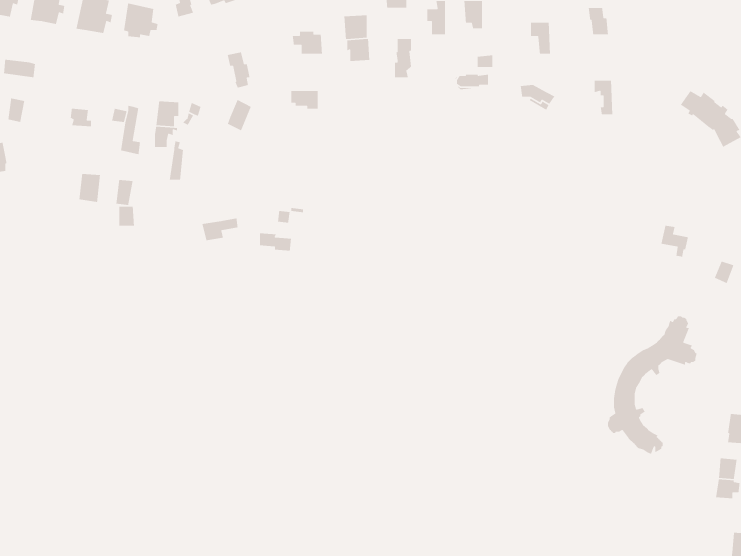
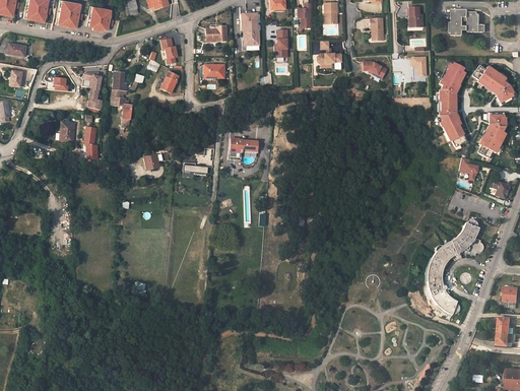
building: none -> [450,9,482,36]
building: none -> [439,62,465,147]
building: none -> [476,113,505,158]
building: none -> [229,138,257,158]

